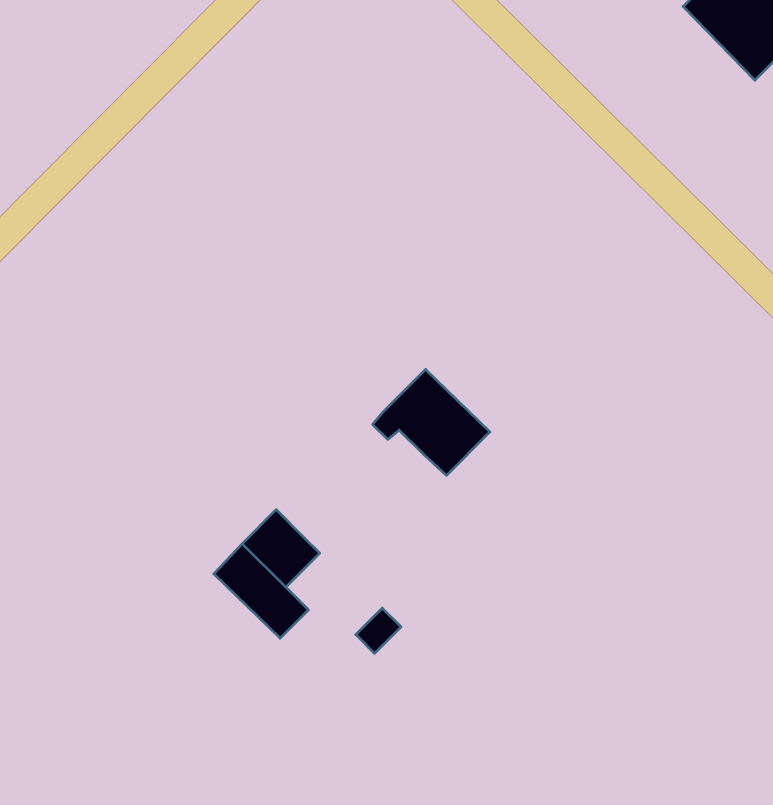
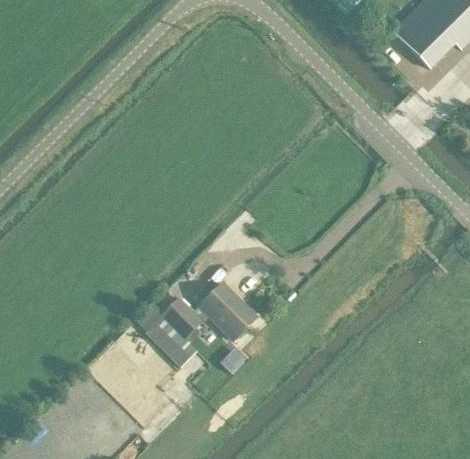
building: [373,369,490,475] -> [194,282,256,338]

